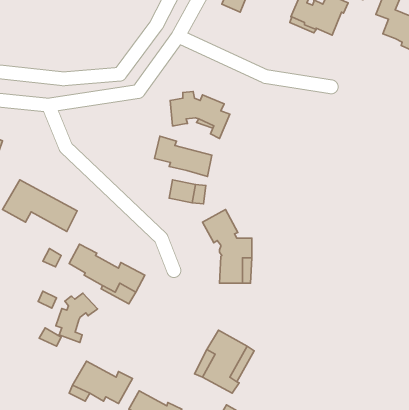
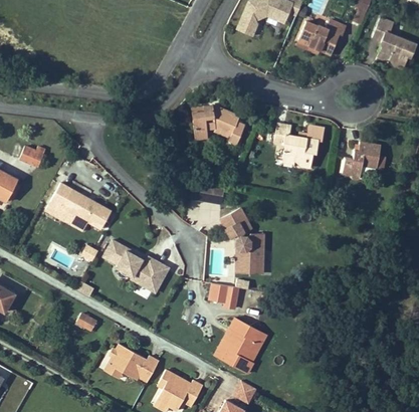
building: none -> [273,125,324,169]
building: none -> [342,144,380,180]
building: [155,136,212,177] -> none
building: none -> [208,282,237,307]
building: [56,293,98,342] -> none

